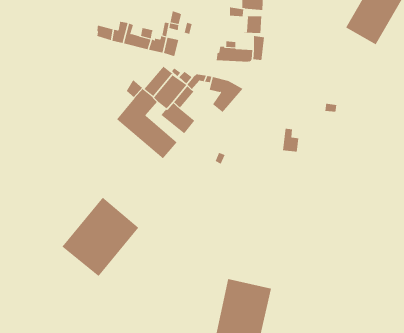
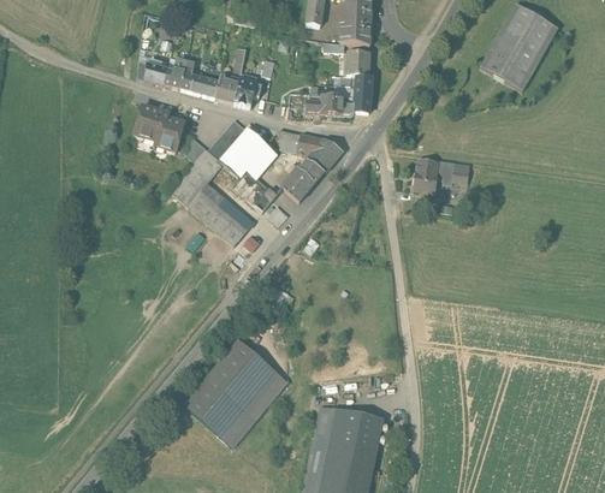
building: none -> [134,105,184,152]
building: none -> [283,167,315,200]
building: [282,128,299,152] -> [414,159,437,191]
building: [61,197,139,277] -> [183,338,287,446]

